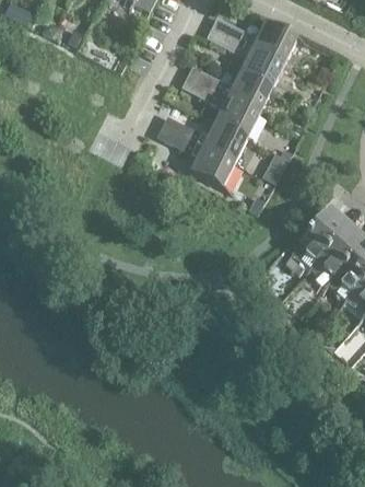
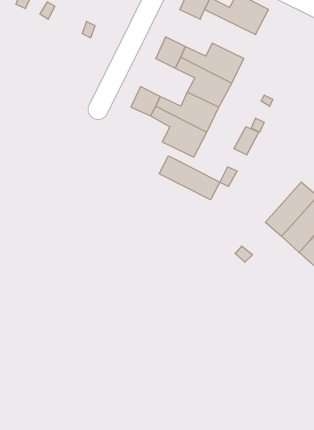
building: [229,37,285,86] -> none
building: none -> [159,156,220,200]

